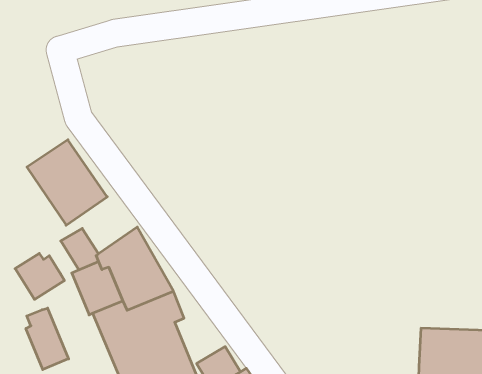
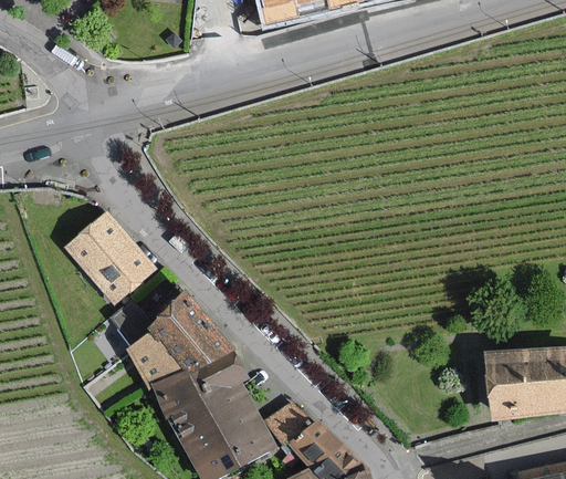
building: [15,253,64,299] -> none
building: [26,308,69,370] -> none

